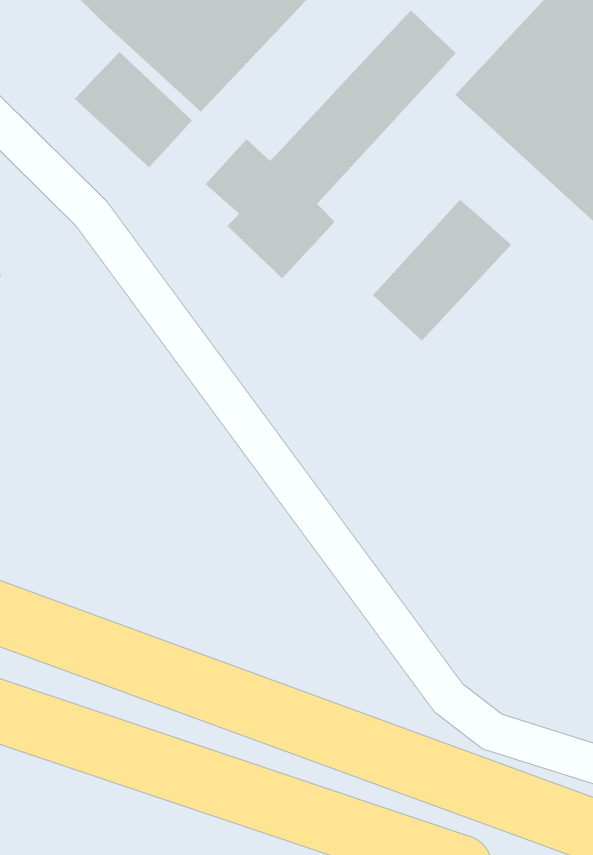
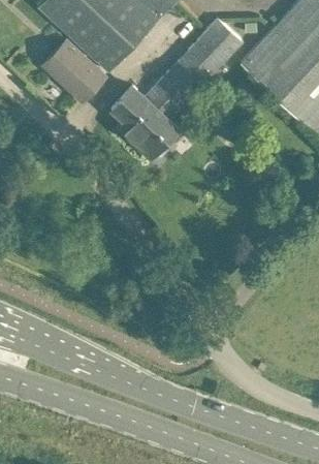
building: [372,199,512,342] -> none

